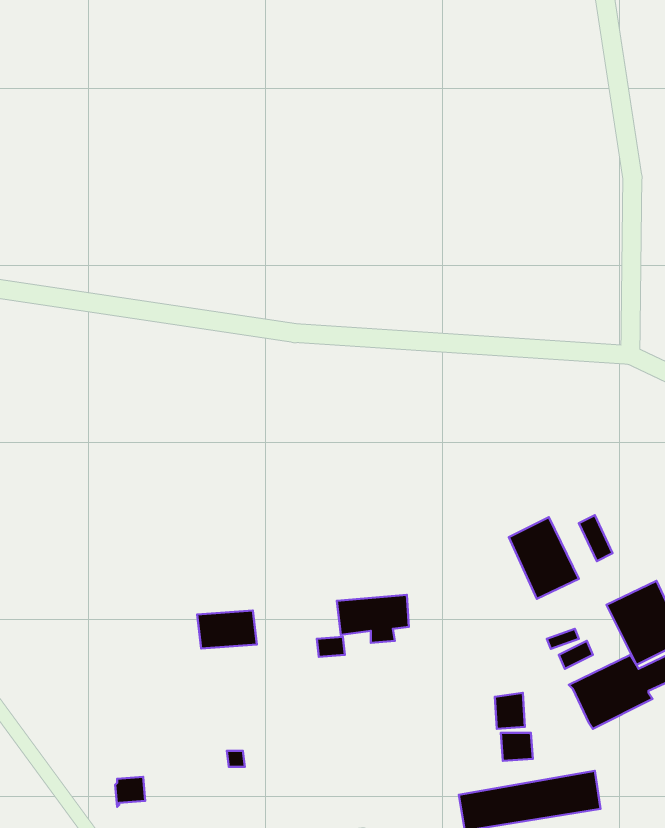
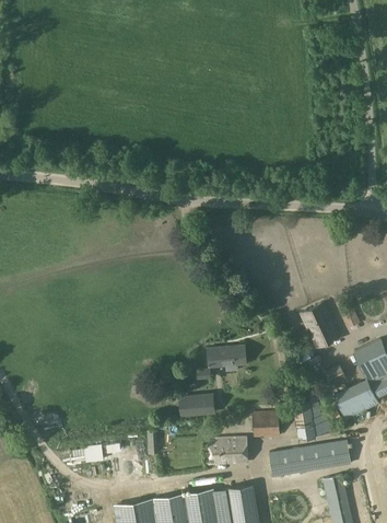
building: [197,611,257,649] -> [179,394,212,415]
building: none -> [254,414,280,437]
building: none -> [209,438,247,464]

